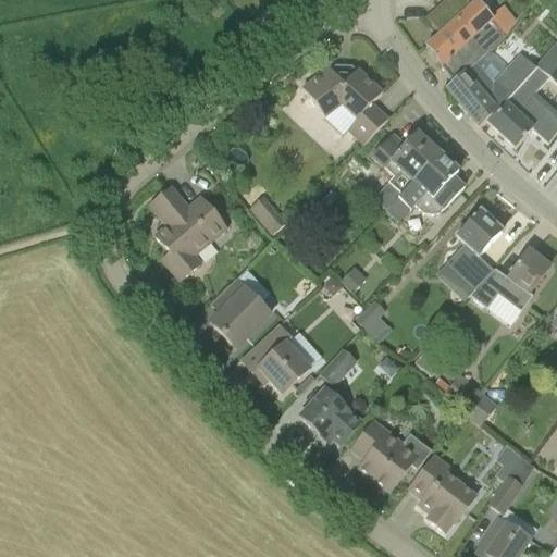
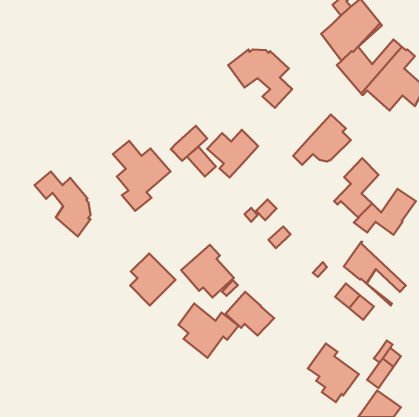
building: [372,129,440,193] -> [207,130,258,178]
building: none -> [171,126,207,161]
building: none -> [35,171,91,237]
building: [211,277,271,346] -> [130,253,175,305]
building: none -> [344,242,406,306]
building: [321,347,358,385] -> none
building: [354,419,433,491] -> [179,303,239,358]

